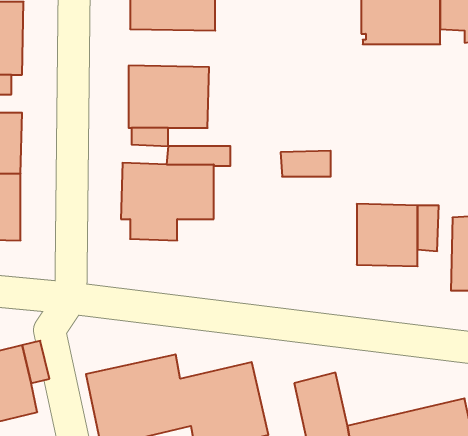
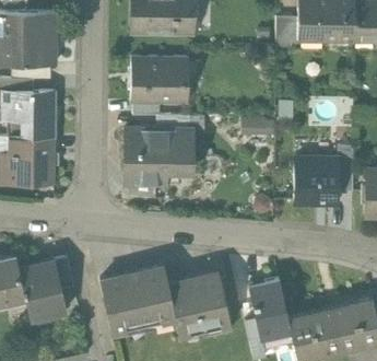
building: none -> [275,16,301,44]

